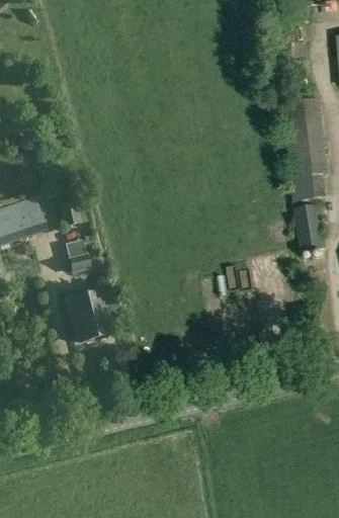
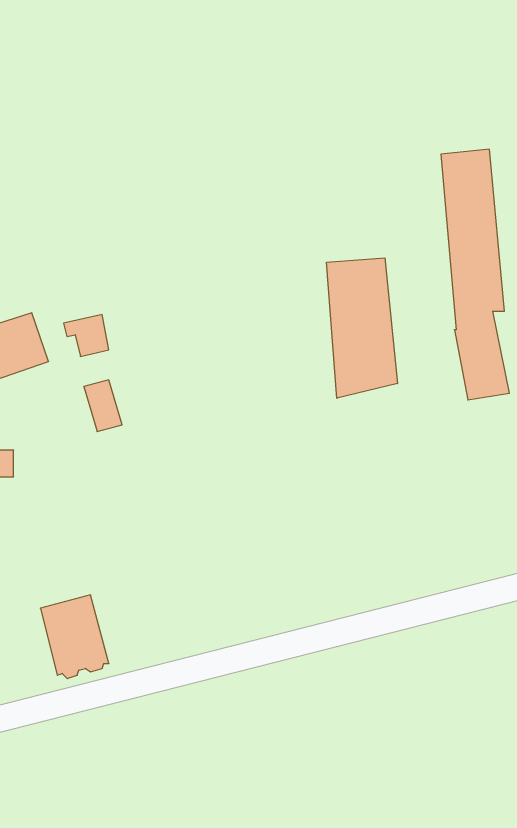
building: none -> [327,258,397,398]
building: [71,291,112,342] -> [40,595,109,679]

